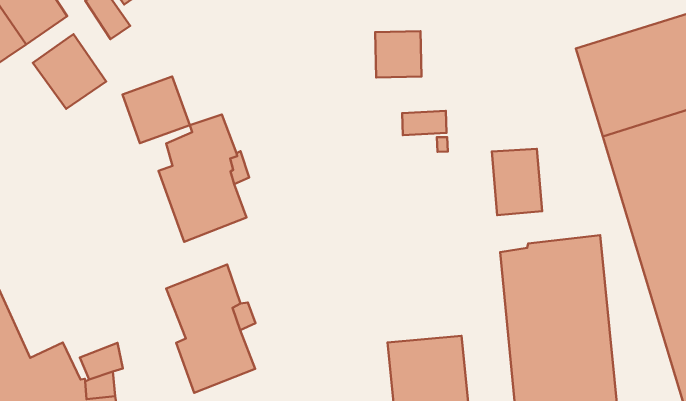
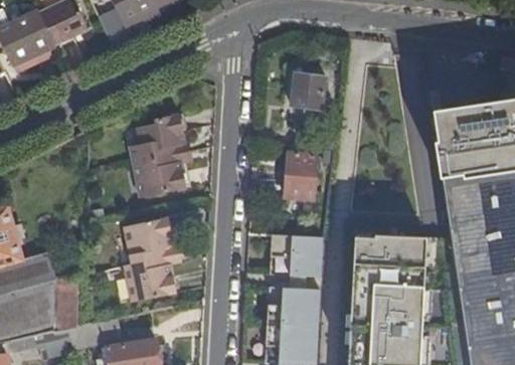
building: [33,34,106,109] -> none
building: [122,76,190,143] -> none
building: [492,149,542,215] -> [286,153,320,199]
building: none -> [273,235,325,279]

